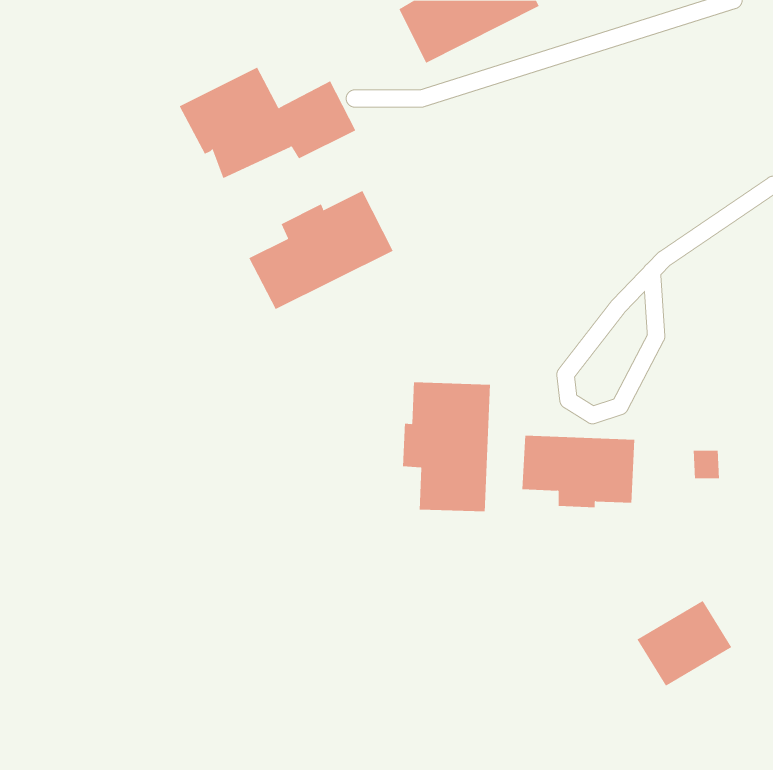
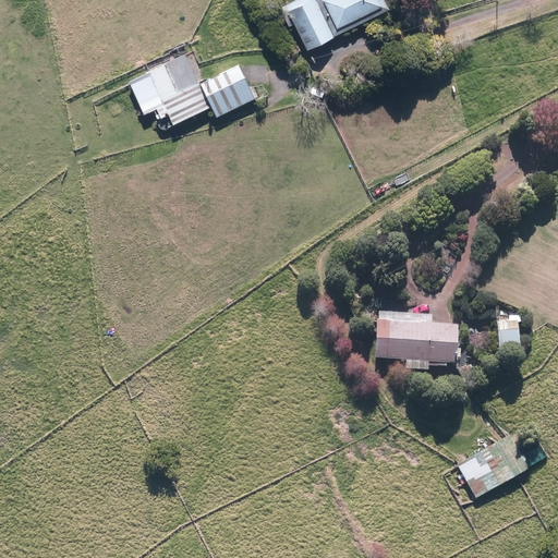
building: [249,190,393,310] -> none
building: [403,381,490,512] -> none

